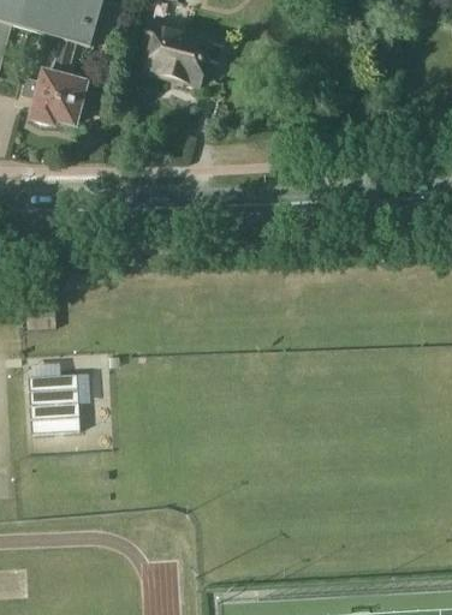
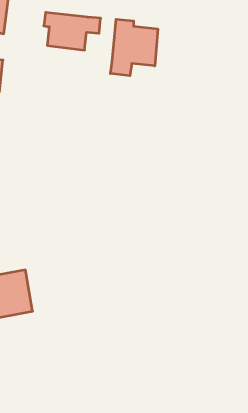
building: none -> [110,19,158,76]

